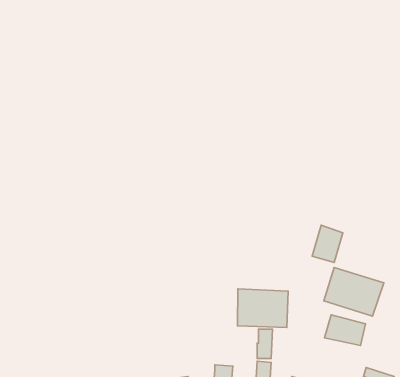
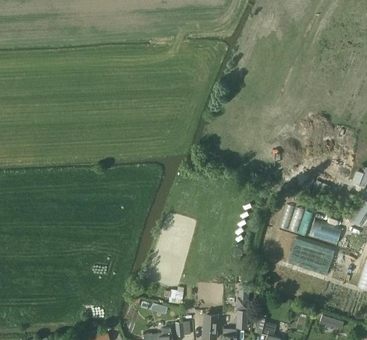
building: [237,289,288,328] -> none
building: [325,315,366,346] -> [310,220,342,244]

